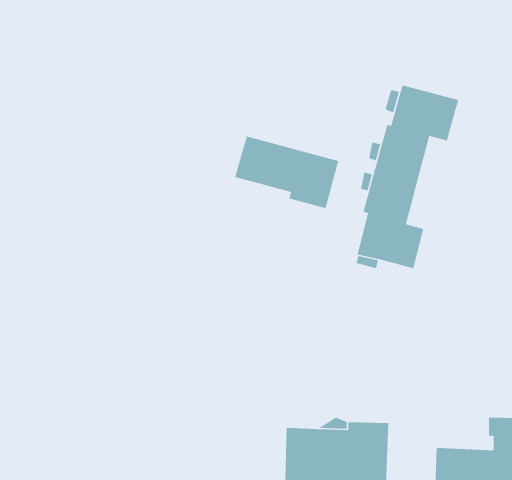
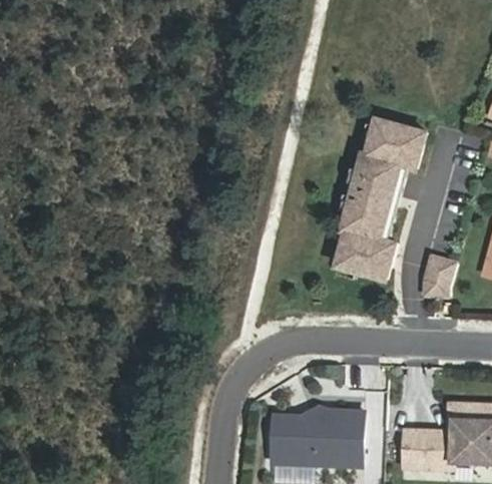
building: [234,136,339,209] -> none
building: none -> [424,259,455,297]

